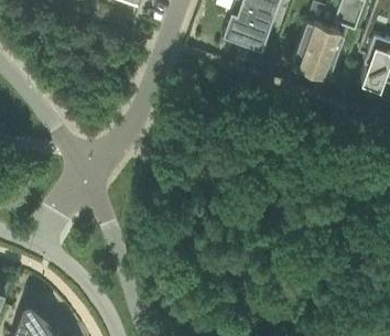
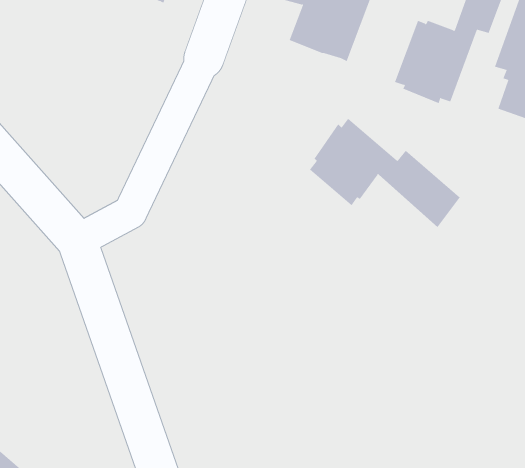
building: none -> [309,118,461,228]

